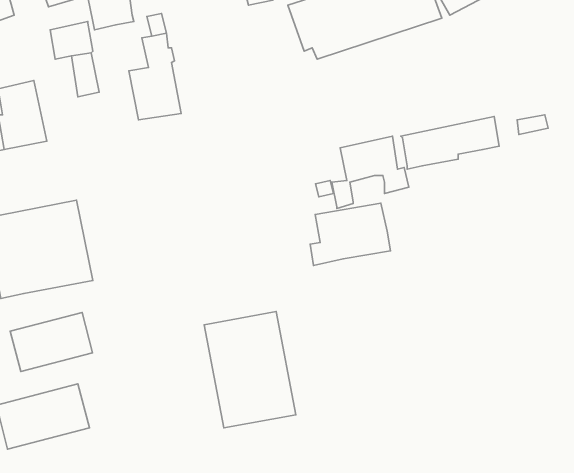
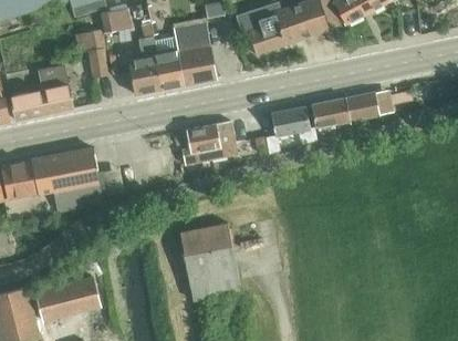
building: none -> [156,23,217,90]
building: [310,203,391,265] -> [183,122,237,164]
building: [10,312,93,371] -> none

